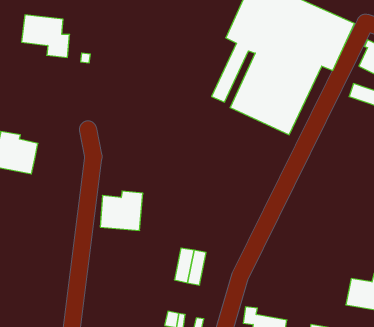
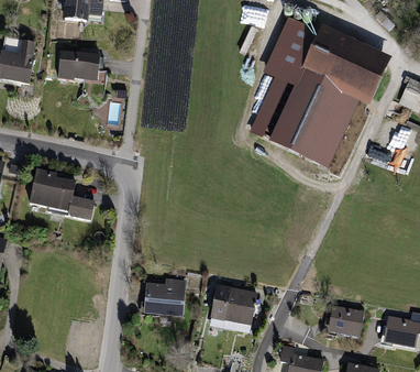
building: none -> [67,195,93,220]
building: [100,191,143,230] -> [144,277,187,317]
building: none -> [236,289,261,325]
building: none -> [328,305,364,337]

